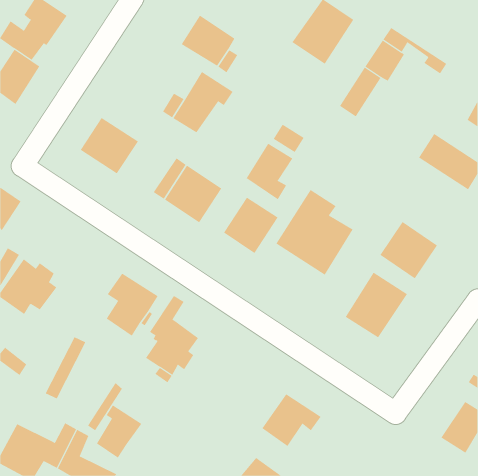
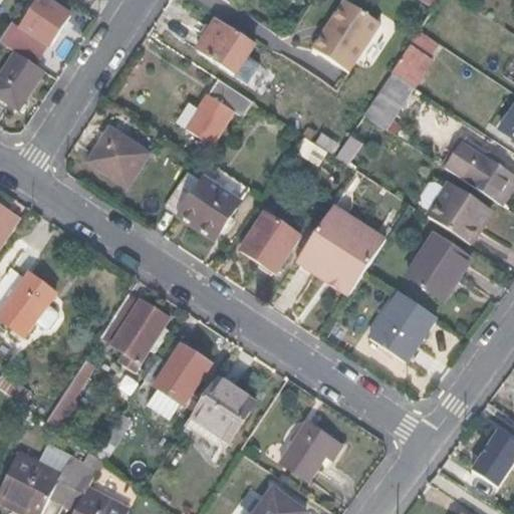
building: [246,143,293,200] -> none
building: none -> [430,184,490,242]
building: none -> [192,377,254,440]
building: [96,404,142,459] -> none

